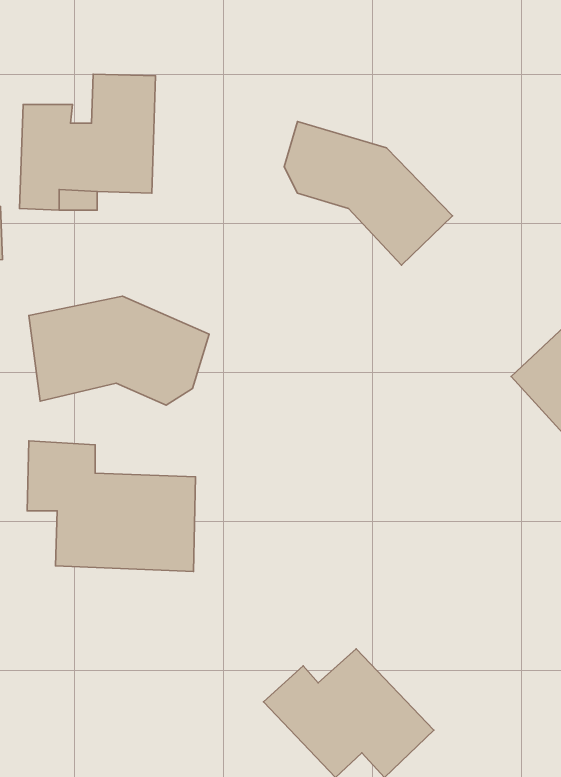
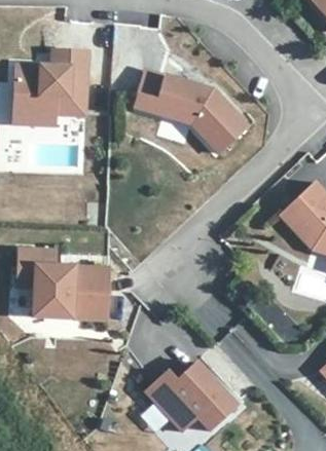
building: none -> [133,69,164,114]
building: [29,296,209,405] -> none

